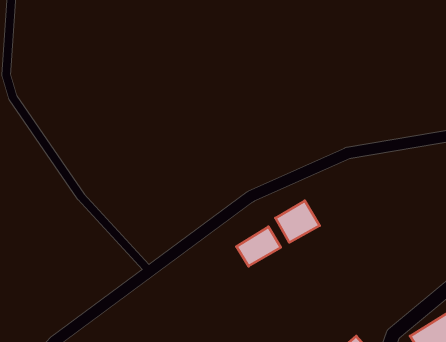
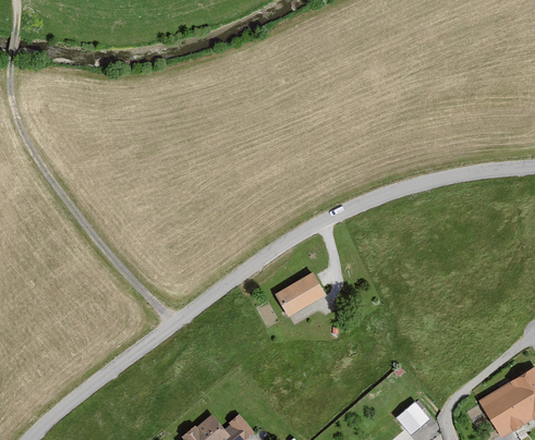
building: [275,201,320,242] -> none

